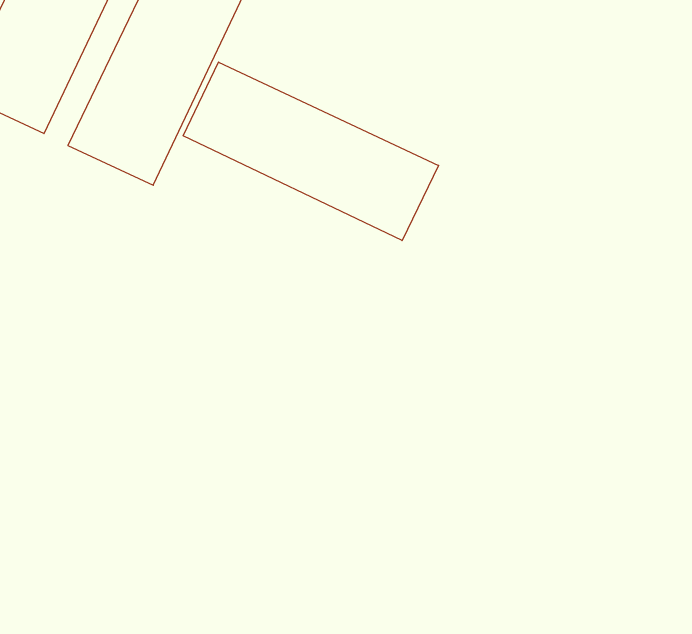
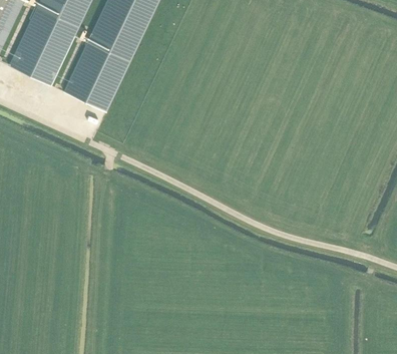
building: [183,62,439,241] -> none

